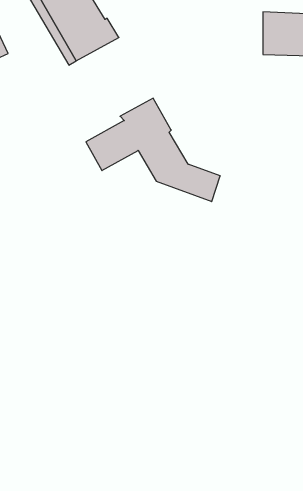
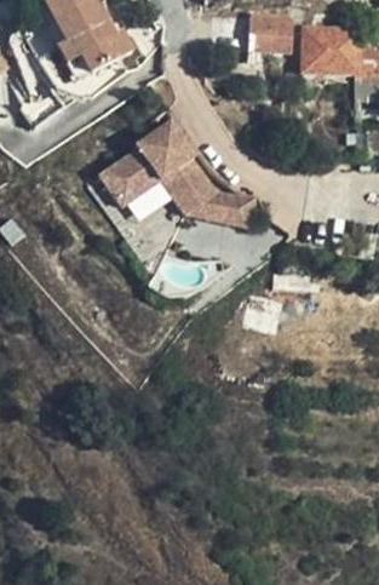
building: none -> [248,15,291,63]

